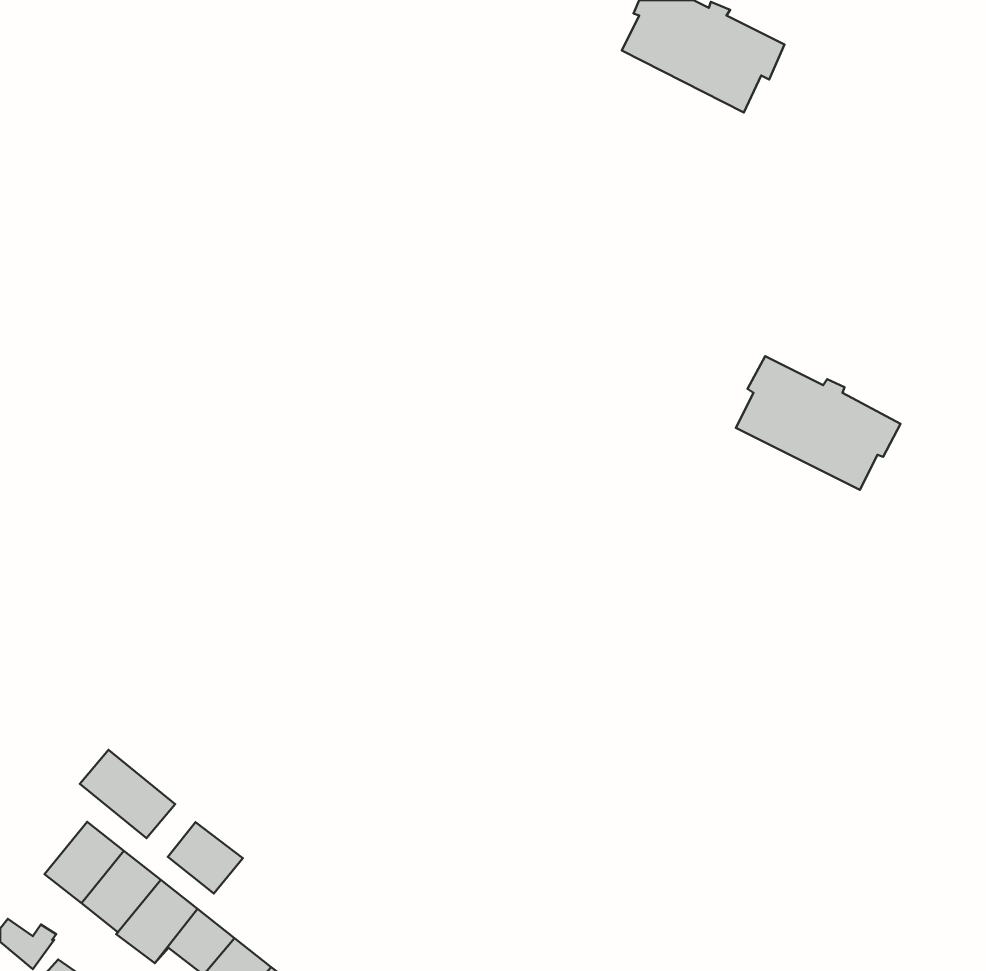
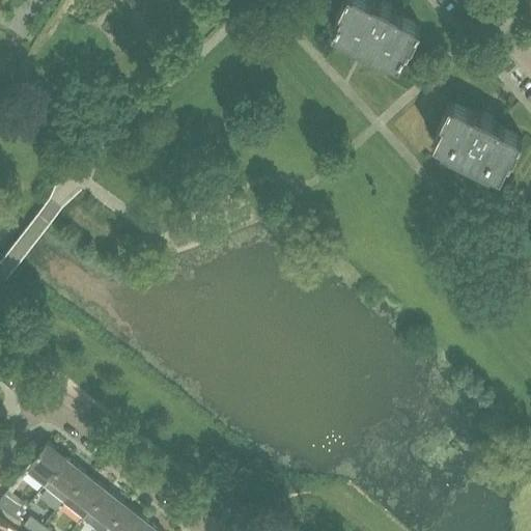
building: [736,356,901,490] -> [436,110,524,181]
building: [80,750,175,838] -> none
building: [168,822,243,893] -> none

